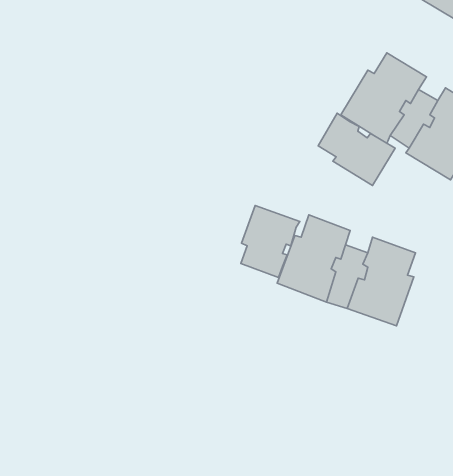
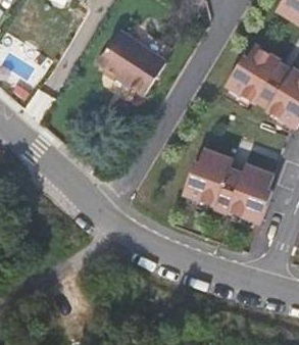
building: none -> [103,30,169,90]
building: [318,113,395,185] -> none
building: [241,206,300,277] -> none

